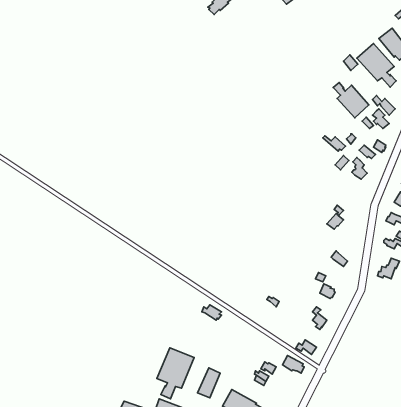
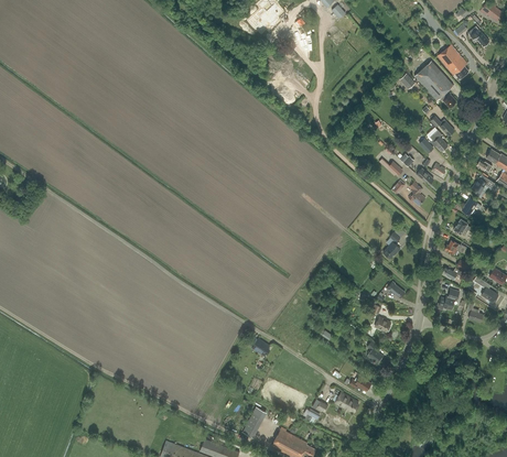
building: [333,83,369,118] -> none
building: [157,348,194,399] -> none

